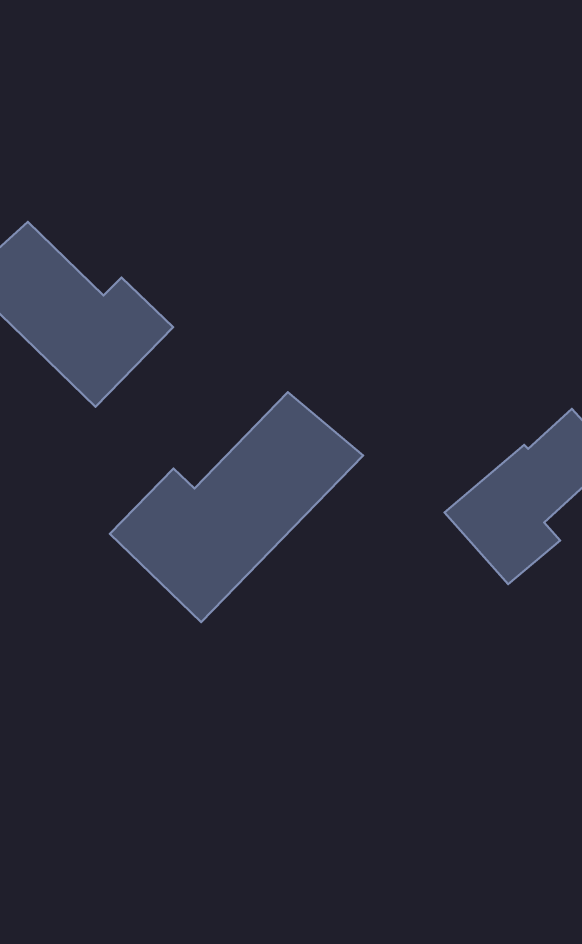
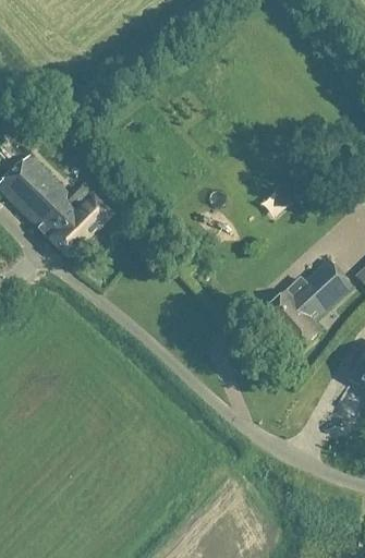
building: [110,392,363,622] -> none

